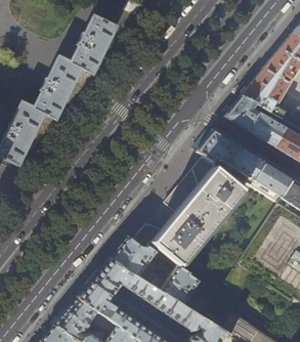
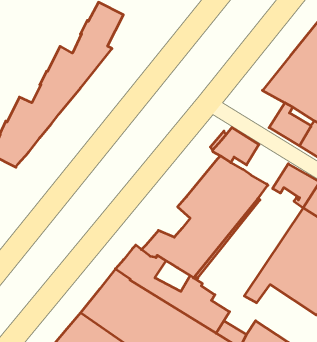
building: [225,96,262,130] -> none
building: [224,145,265,185] -> none

